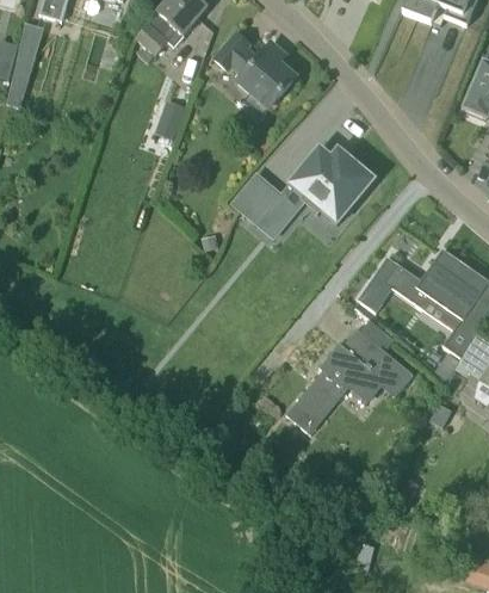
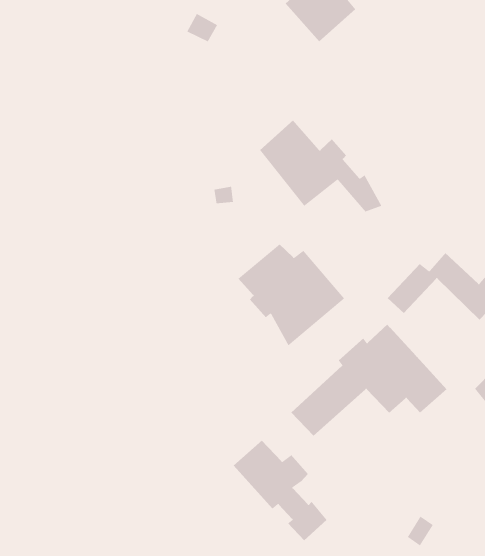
building: [290,150,379,233] -> [237,243,345,346]
building: none -> [233,440,328,541]

